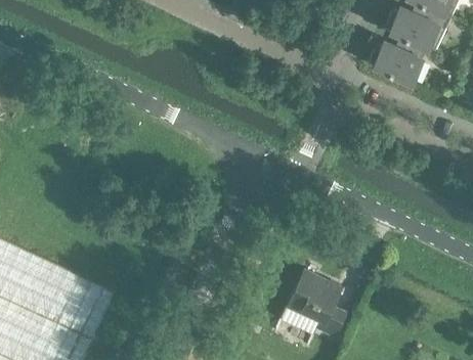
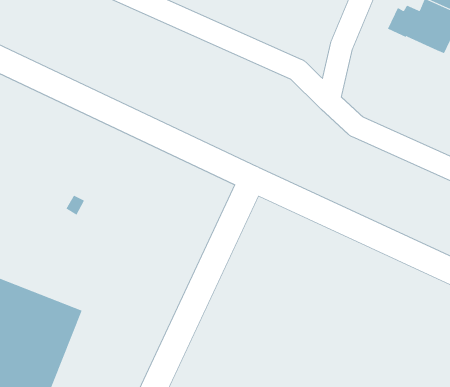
building: [367,36,427,86] -> none
building: [280,270,347,339] -> none

